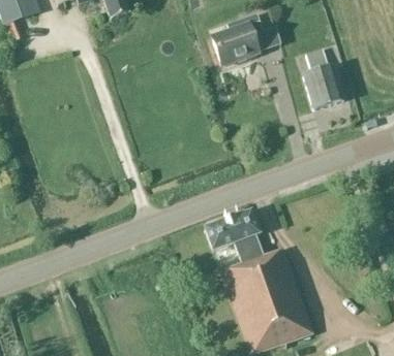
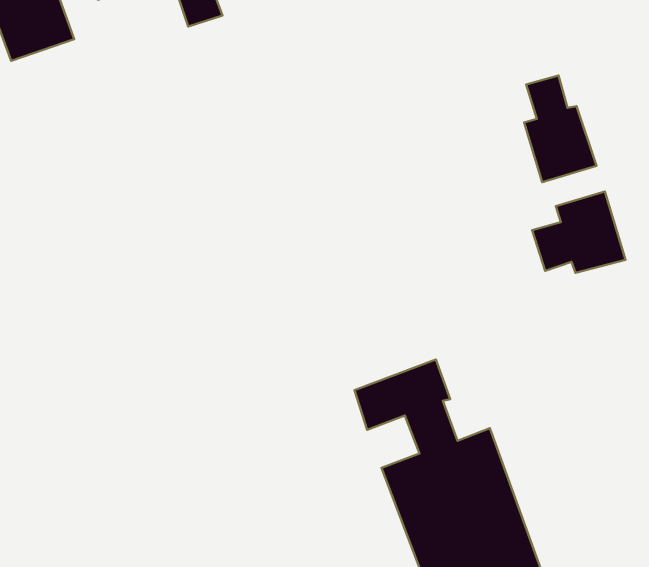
building: [212,12,279,65] -> none
building: none -> [532,191,626,273]

